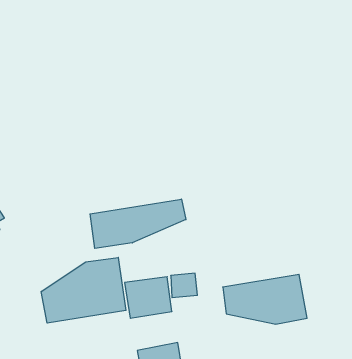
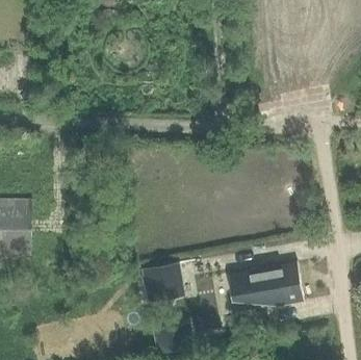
building: [90,199,186,248] -> none
building: [41,257,126,323] -> none

